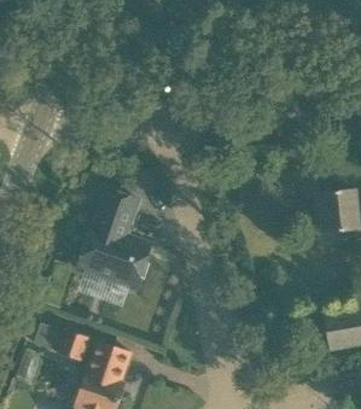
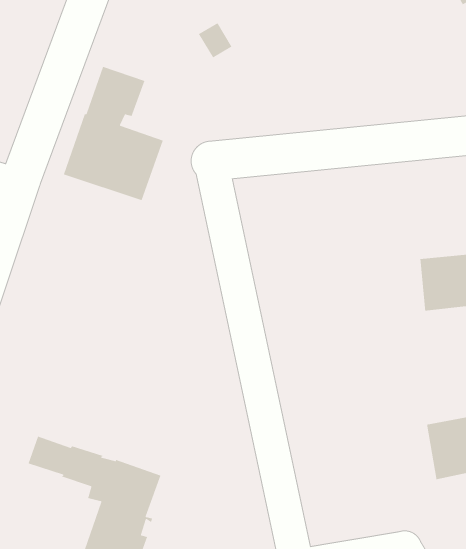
building: [78,188,152,287] -> [63,66,164,201]

